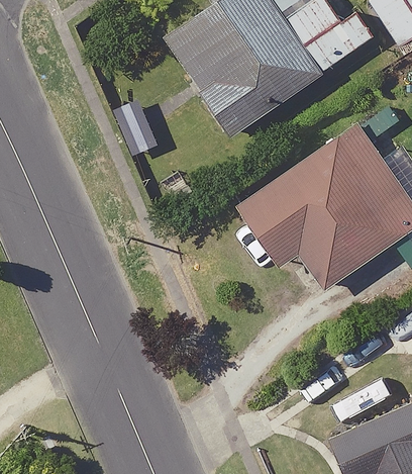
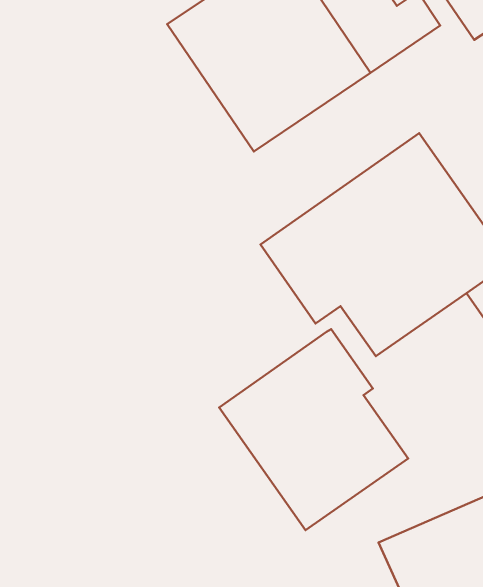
building: none -> [219,329,408,530]

